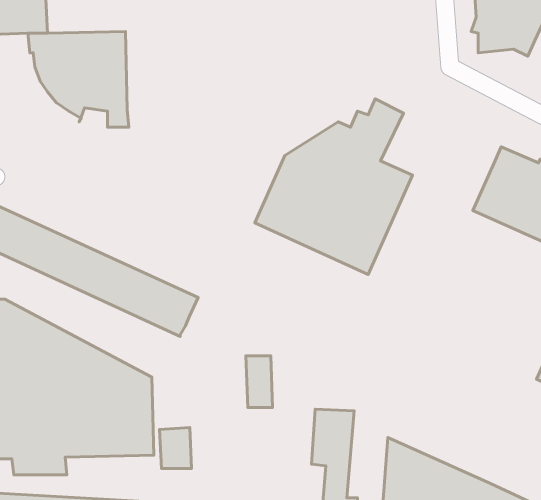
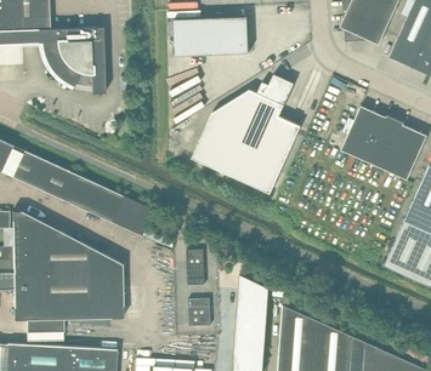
building: none -> [174,17,249,57]
building: [160,428,192,468] -> [188,298,210,326]

